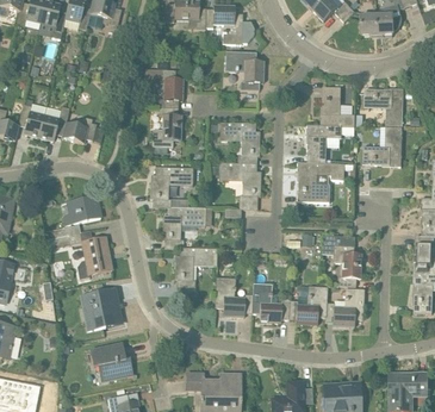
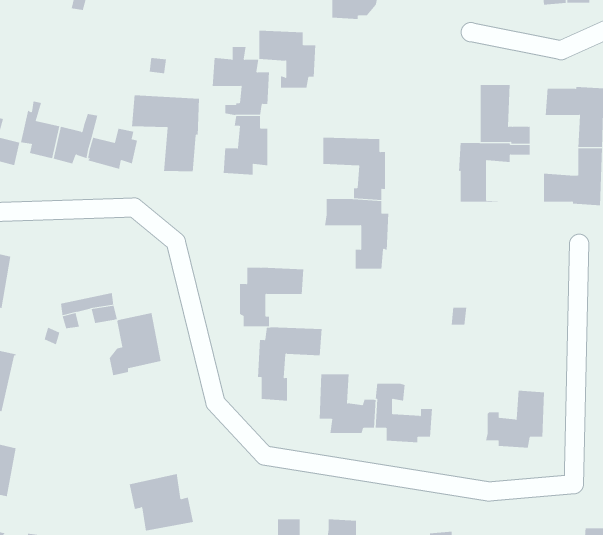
building: [225,50,263,88] -> [258,30,316,88]
building: none -> [131,94,199,172]
building: [298,162,343,201] -> none
building: [150,166,192,206] -> none
building: [62,193,100,223] -> none
building: [321,233,361,285] -> none
building: [288,285,327,324] -> none
building: [80,287,122,327] -> none

